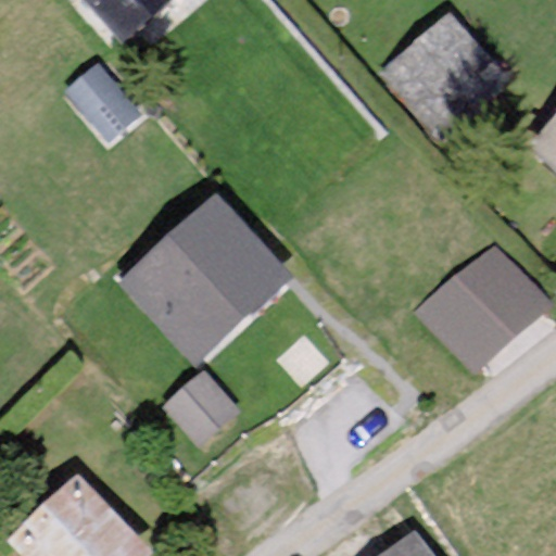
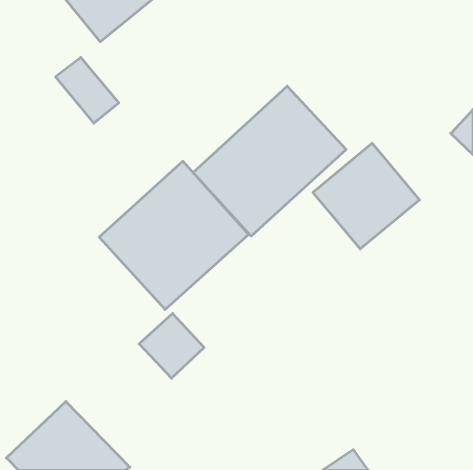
building: [378,17,505,144] -> none
building: none -> [193,86,346,236]
building: [425,250,549,374] -> [313,143,420,249]

